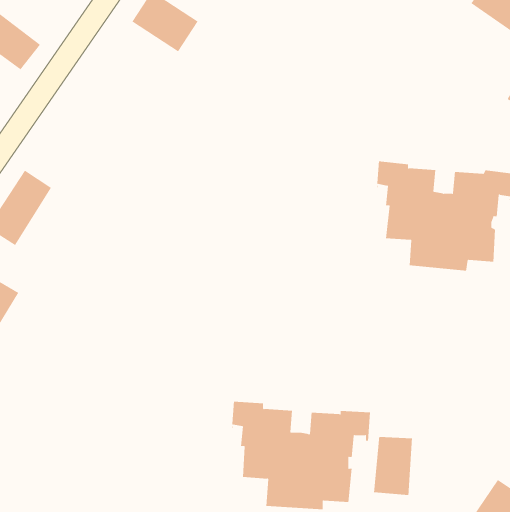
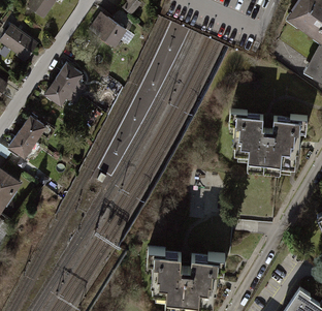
building: none -> [43,62,83,105]
building: [373,436,413,496] -> none

